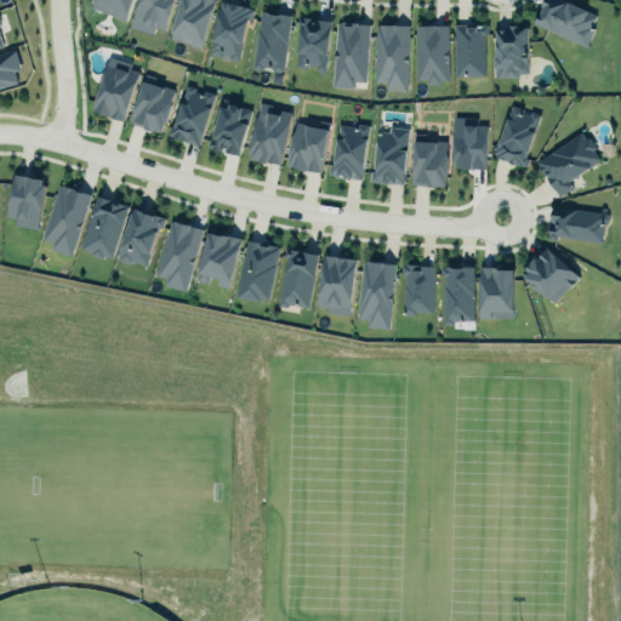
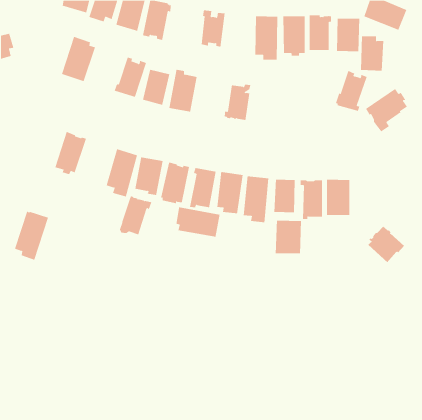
building: [252,12,291,74] -> none
building: [332,22,369,87] -> none
building: [127,79,177,136] -> none
building: [452,119,488,171] -> [360,36,384,71]
building: [286,120,330,175] -> none
building: [374,129,408,186] -> none
building: [411,142,448,188] -> none
building: [6,175,46,232] -> none
building: [40,184,91,257] -> [14,211,49,261]
building: [548,206,609,243] -> none
building: [118,209,166,267] -> [119,196,152,235]
building: [524,249,579,303] -> [368,226,405,263]
building: none -> [176,207,220,237]
building: none -> [275,220,302,254]

